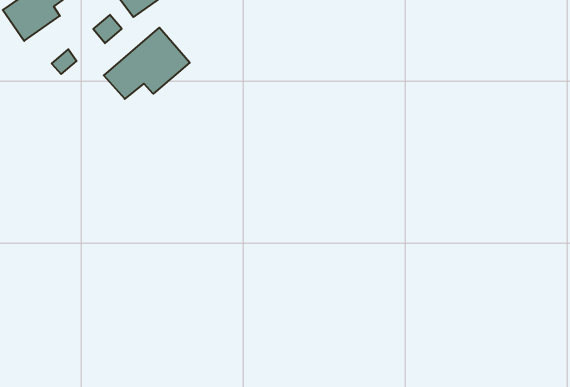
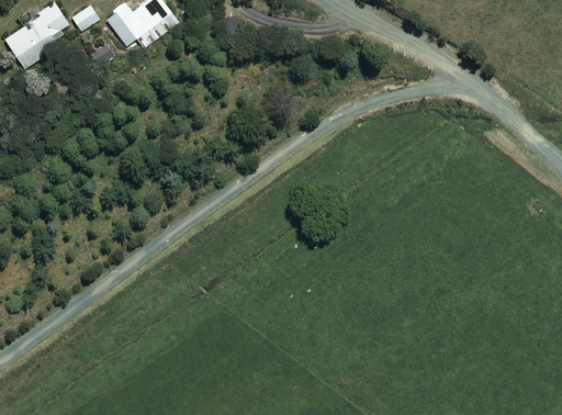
building: [104,28,190,99] -> none

